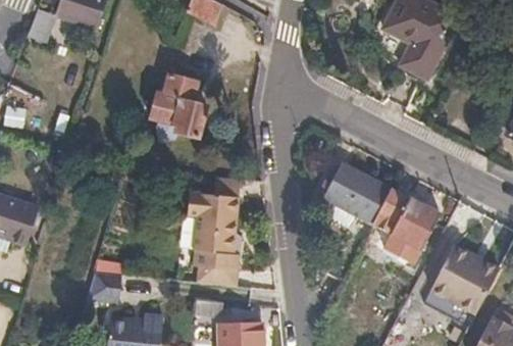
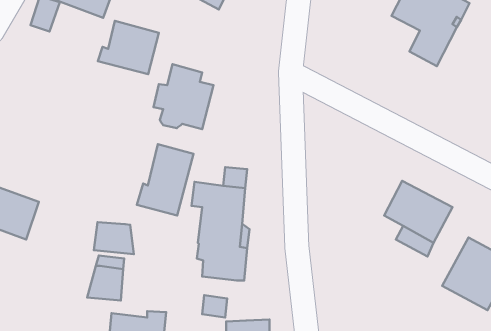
building: none -> [98,21,159,74]
building: none -> [137,144,193,215]
building: [322,163,389,220] -> none
building: none -> [94,222,134,254]

